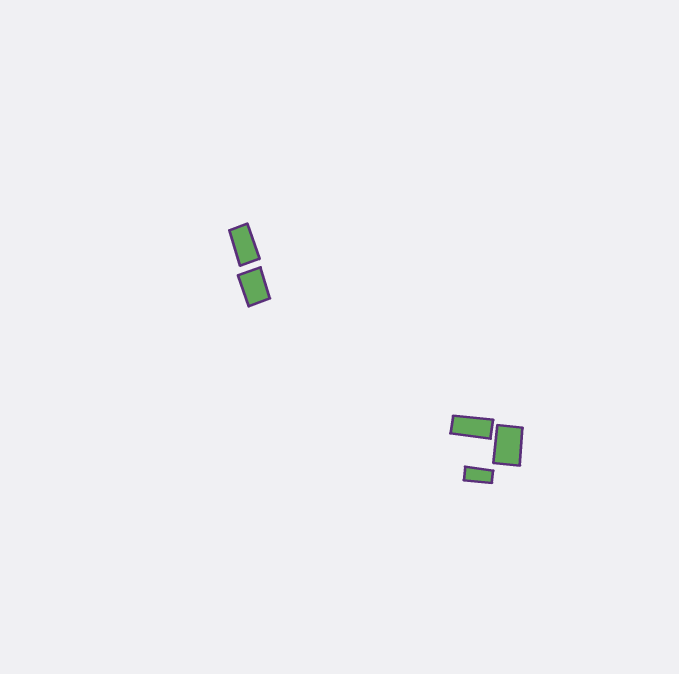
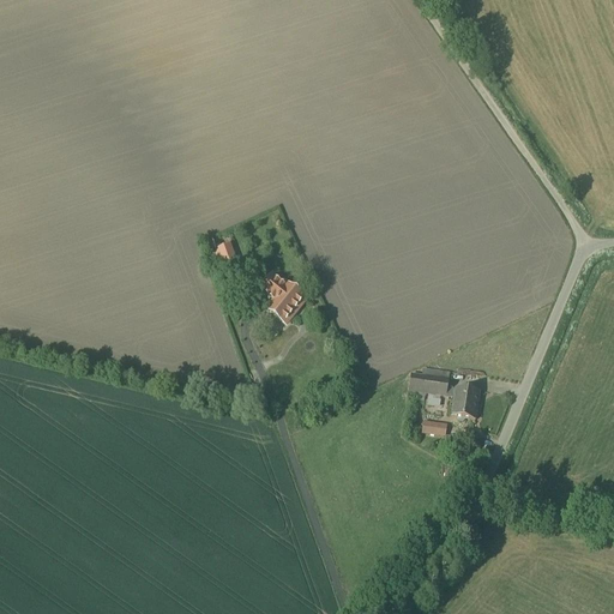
building: [229,224,259,266] -> none
building: none -> [269,272,313,320]

